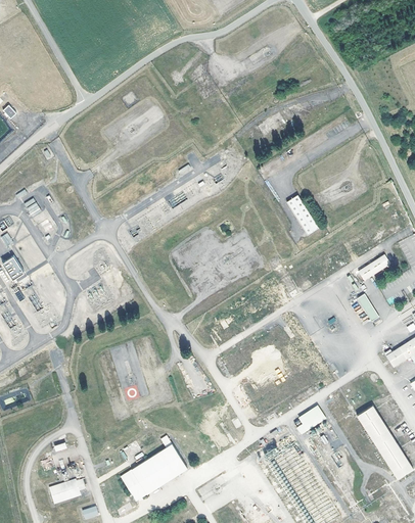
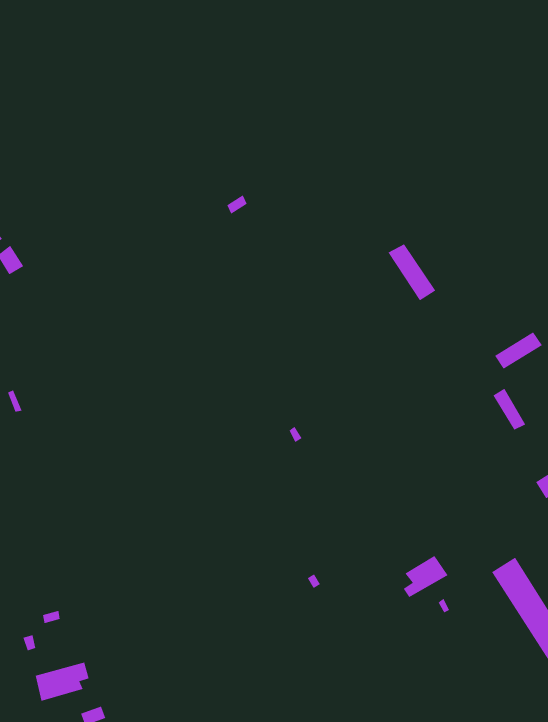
building: [119,436,186,502] -> none

